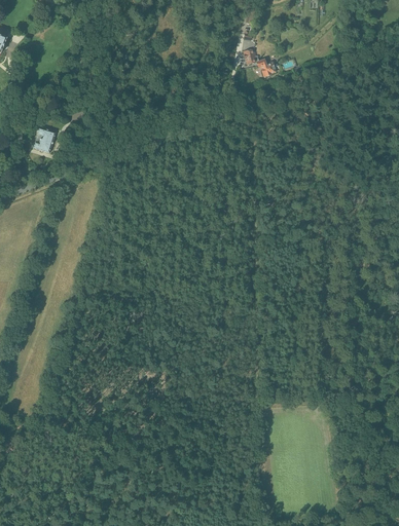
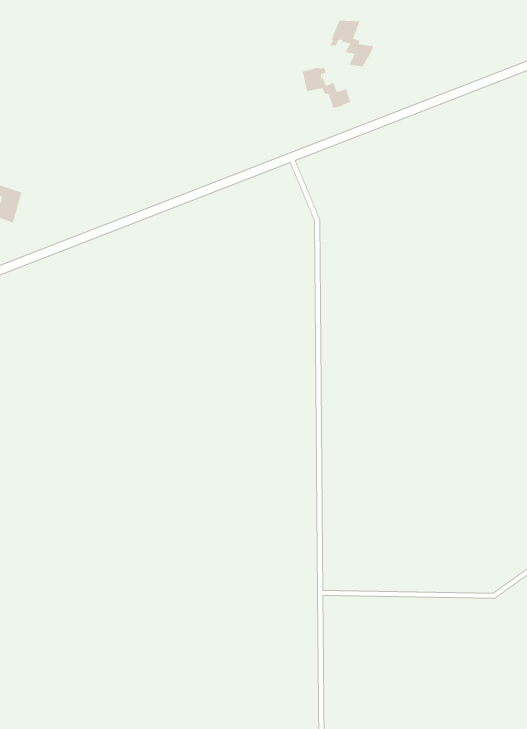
building: none -> [330,20,373,67]

